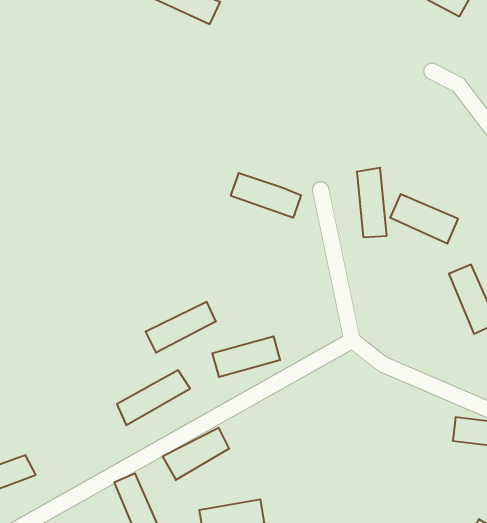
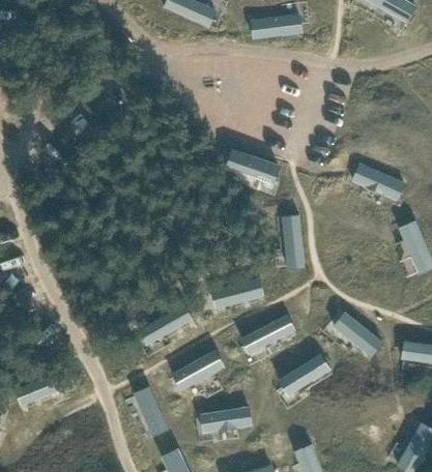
building: none -> [250,17,301,40]
building: [357,168,387,237] -> [282,214,306,269]
building: [145,302,216,353] -> [239,315,295,355]
building: none -> [333,312,383,356]
building: none -> [278,354,330,397]

